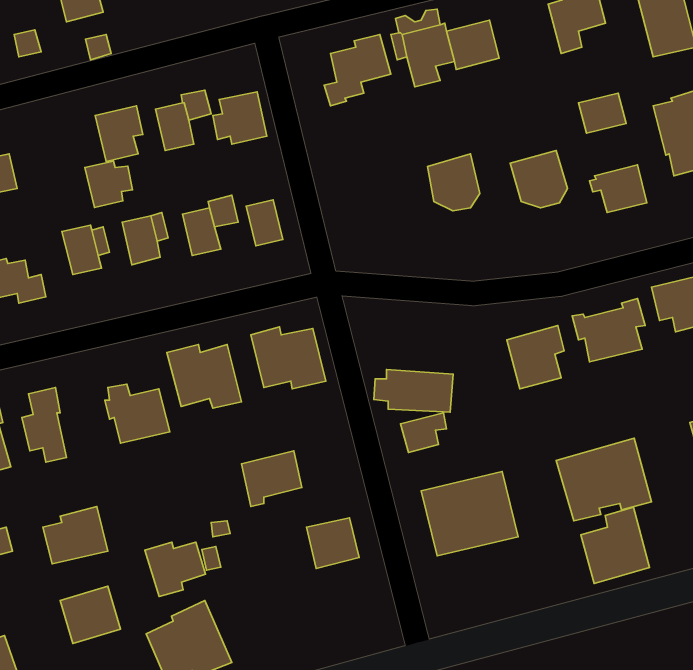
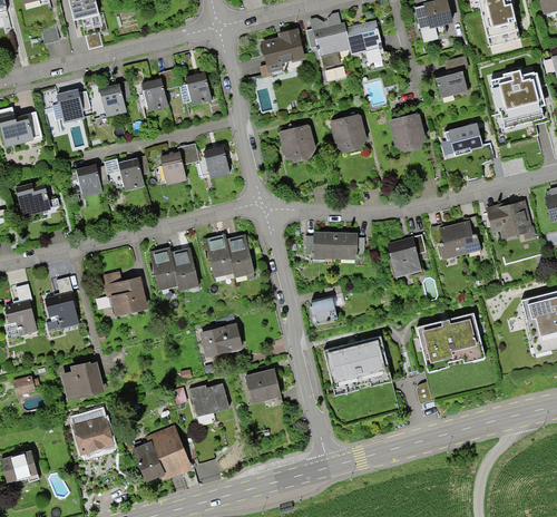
building: [85,161,132,207] -> [56,89,89,121]
building: none -> [277,124,314,160]
building: [374,369,453,412] -> [303,230,359,260]
building: [581,507,649,583] -> none
building: [145,542,205,596] -> [186,384,228,422]

